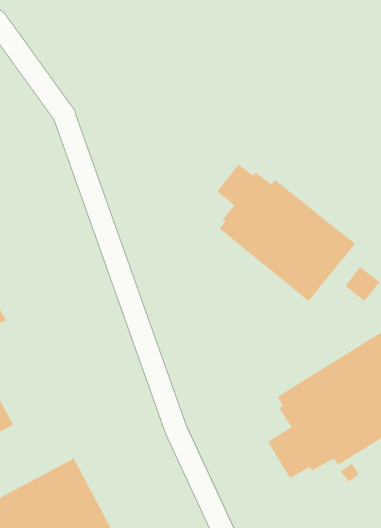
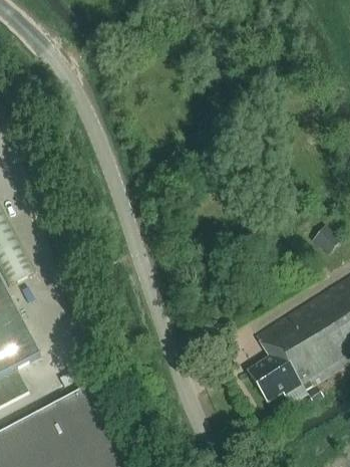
building: [217,164,356,302] -> none

